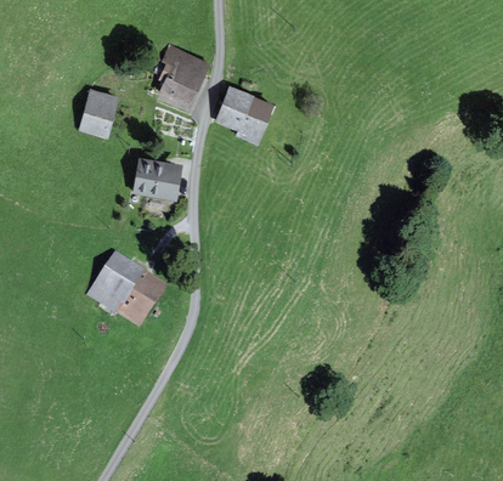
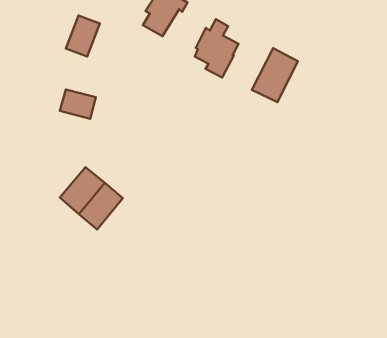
building: none -> [252,48,298,102]
building: [136,163,174,192] -> [60,89,96,119]

